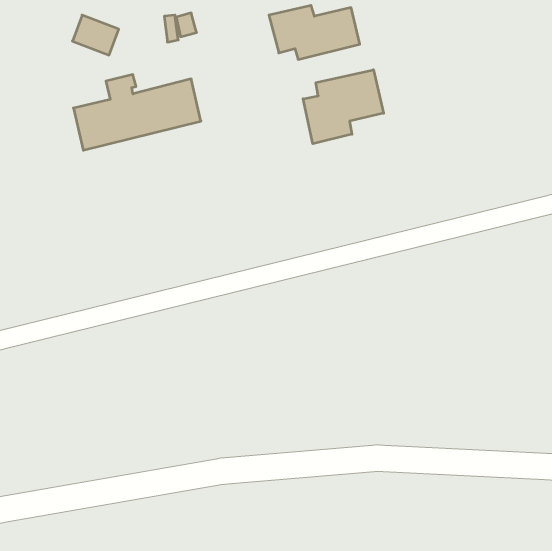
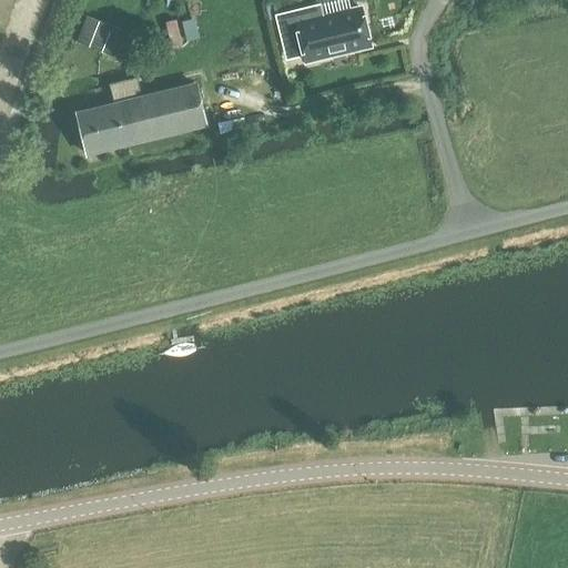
building: [303,70,384,144] -> none

